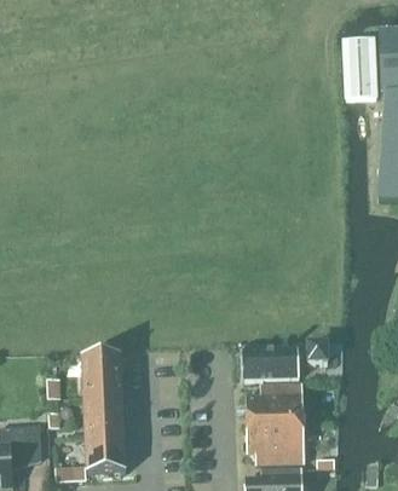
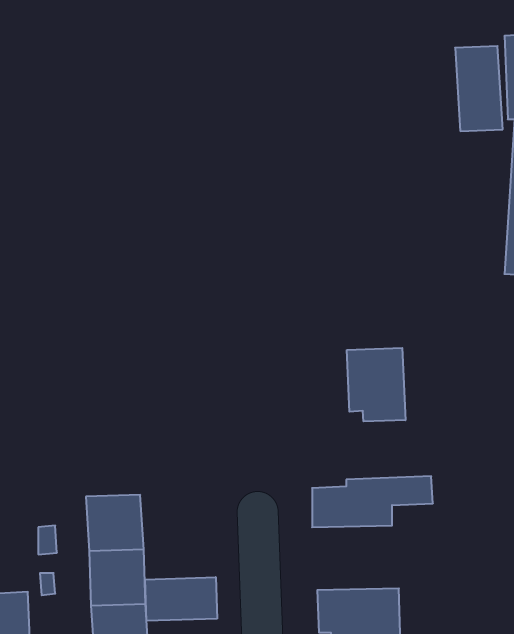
building: none -> [347,348,405,421]
building: [246,382,304,423] -> none
building: none -> [145,577,217,621]

